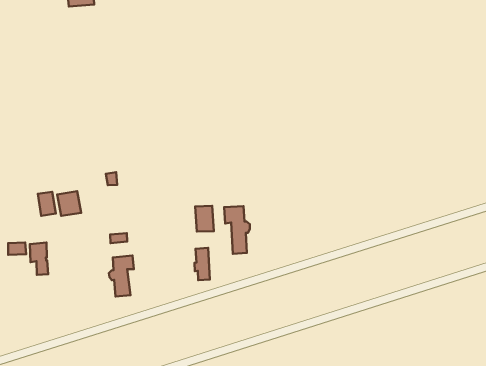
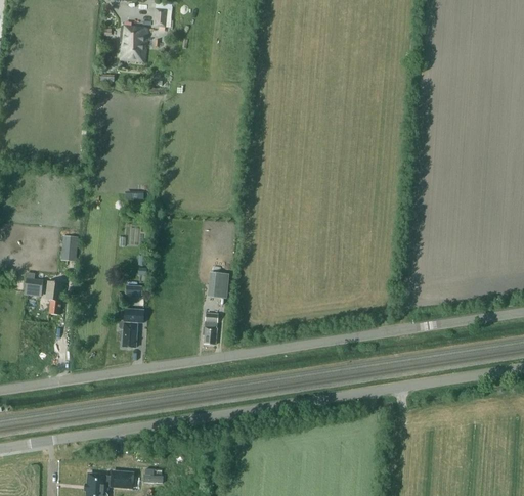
building: [57,191,81,216] -> none
building: [224,206,250,254] -> none

